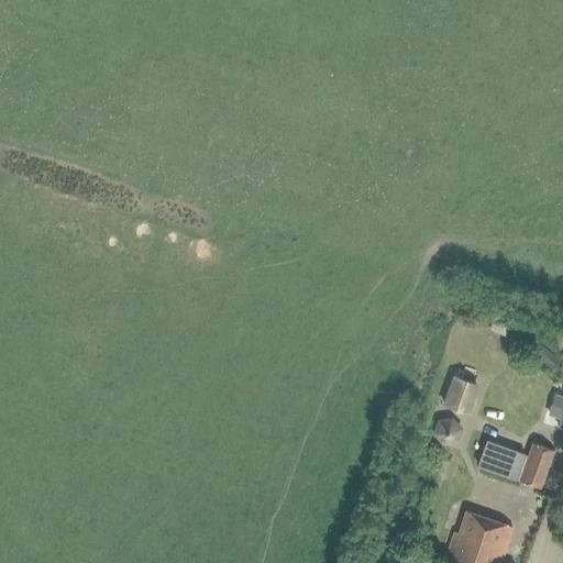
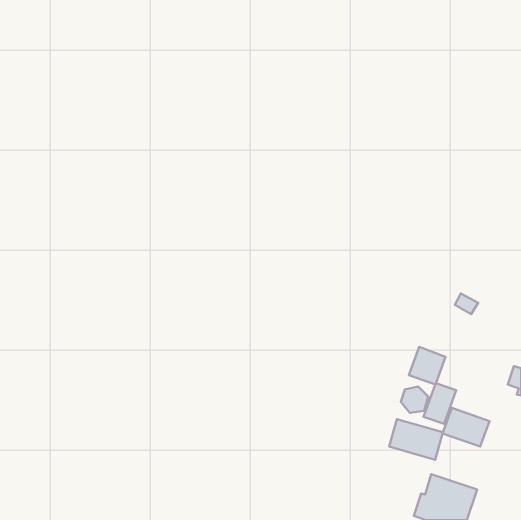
building: [518,445,553,489] -> [424,383,456,424]
building: none -> [389,419,443,460]

